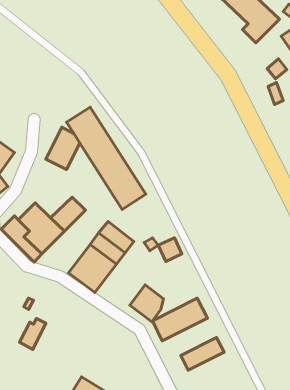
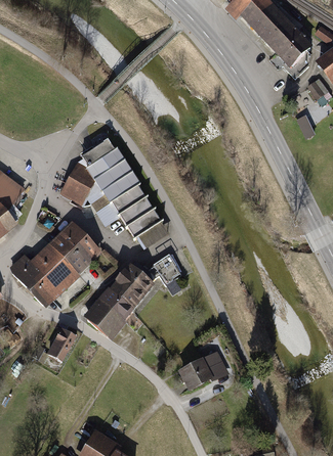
building: none -> [47,220,87,259]
building: [158,238,182,261] -> [156,255,181,280]
building: [130,285,163,322] -> none
building: [19,318,46,350] -> [47,328,76,362]
building: [181,337,224,370] -> none

